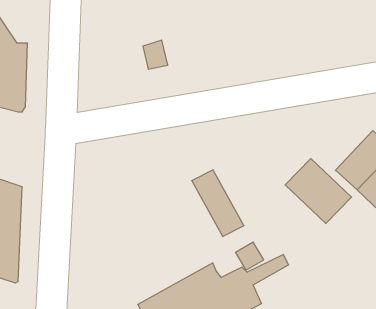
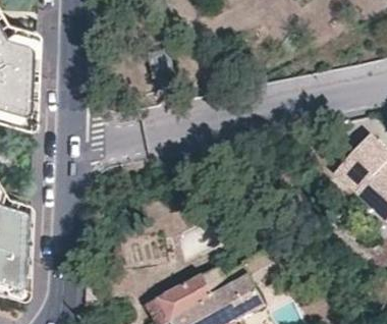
building: [285,159,352,223] -> none
building: [192,170,244,237] -> none

